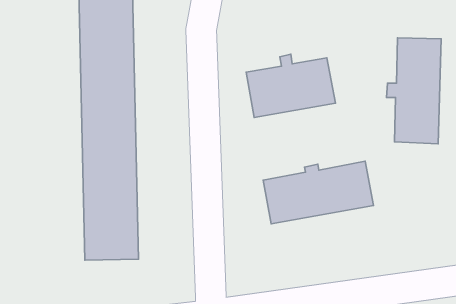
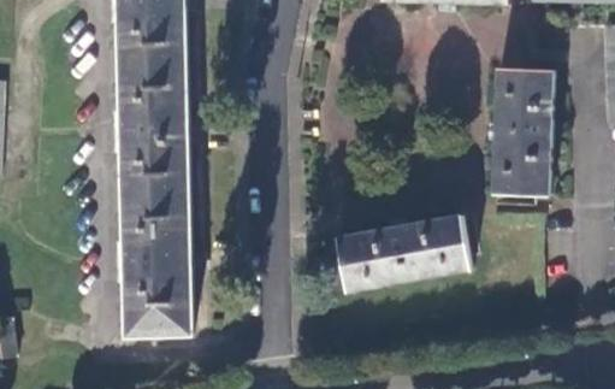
building: [246,54,335,118] -> none

